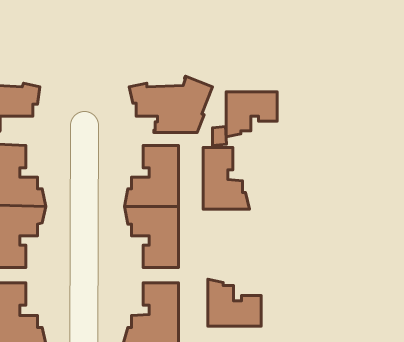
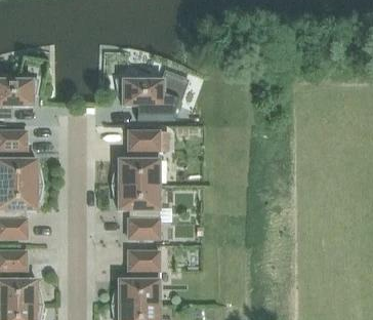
building: [226,92,277,137] -> none
building: [203,147,249,209] -> none
building: [208,279,261,326] -> none

